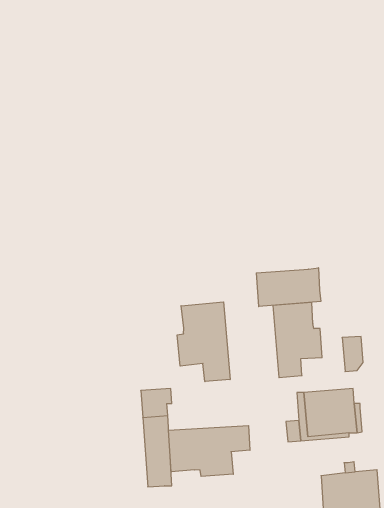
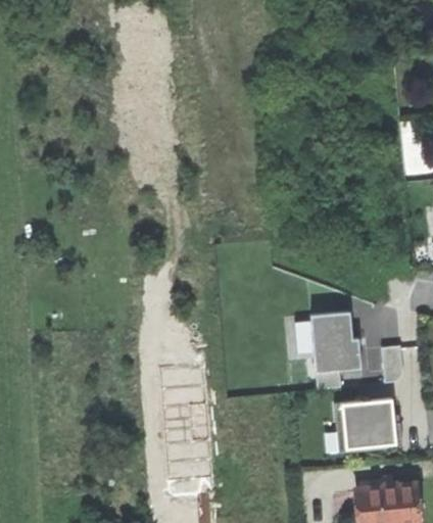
building: [256,268,321,307] -> none
building: [177,302,230,382] -> none
building: [169,426,250,476] -> none

